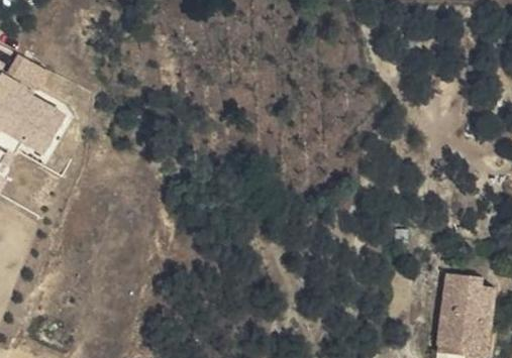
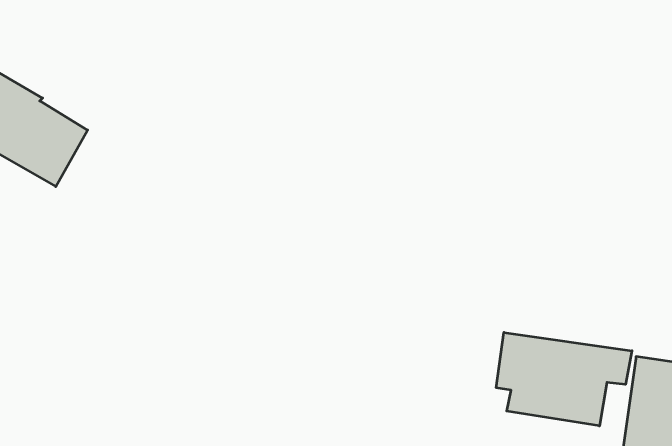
building: none -> [496,332,632,426]

